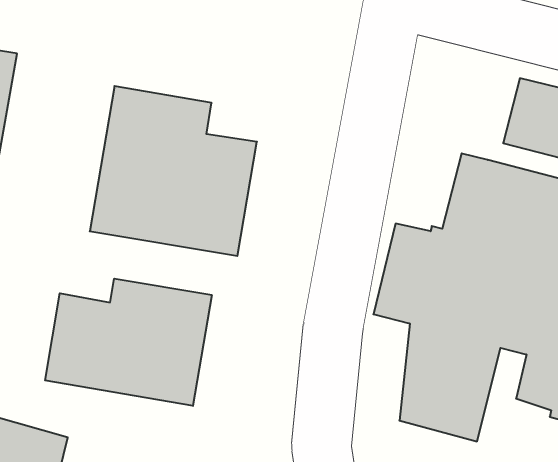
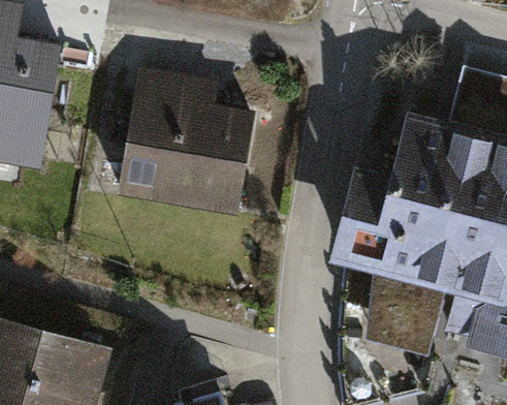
building: [45,279,212,406] -> none

